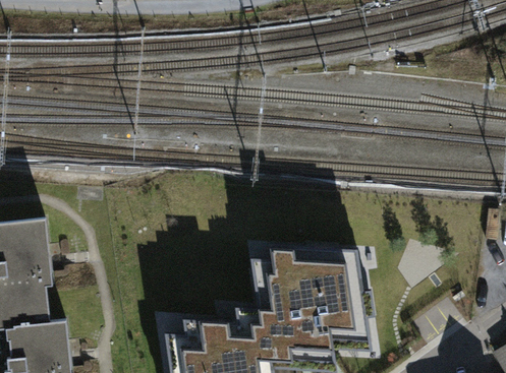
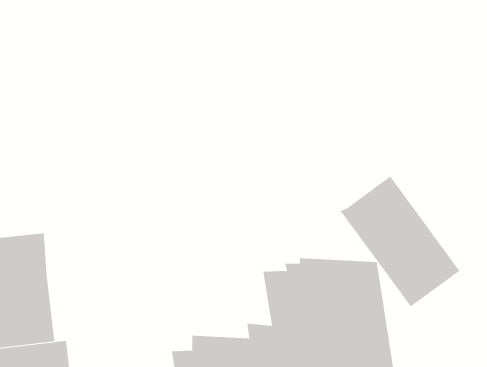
building: none -> [340,175,460,307]

